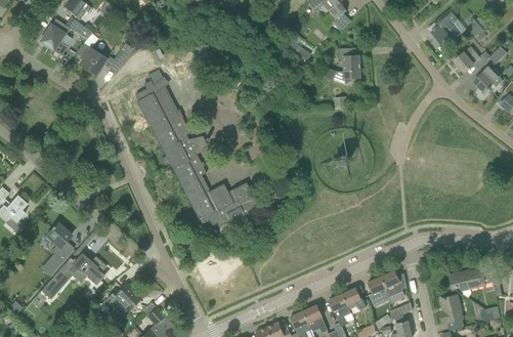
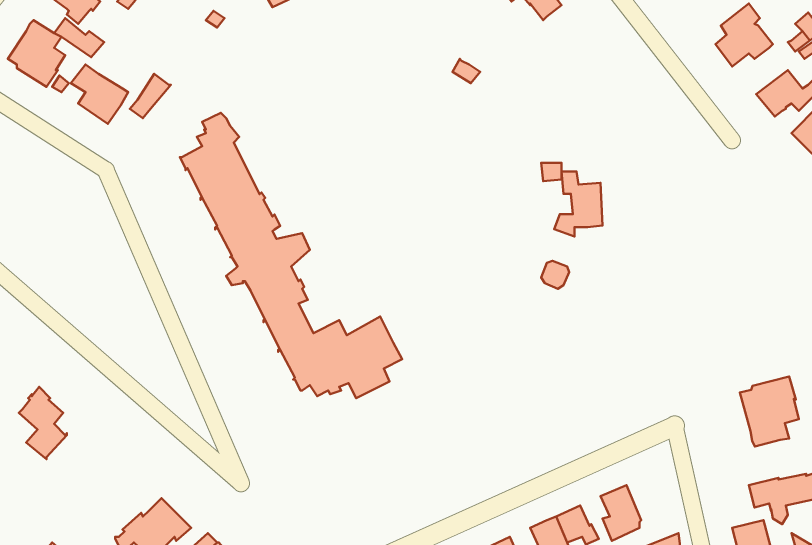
building: [334,48,360,84] -> [554,172,602,236]
building: none -> [740,377,799,446]
building: [41,253,106,299] -> none
building: [382,269,407,295] -> none

